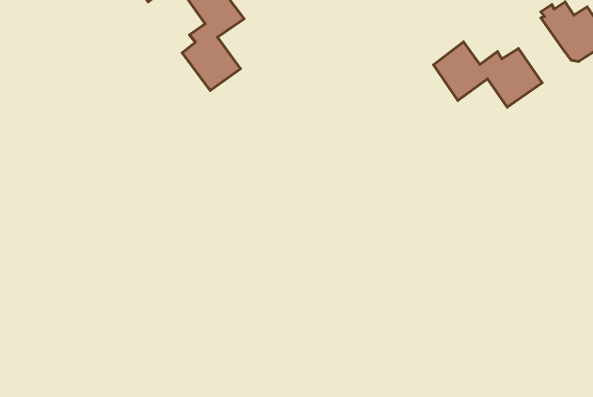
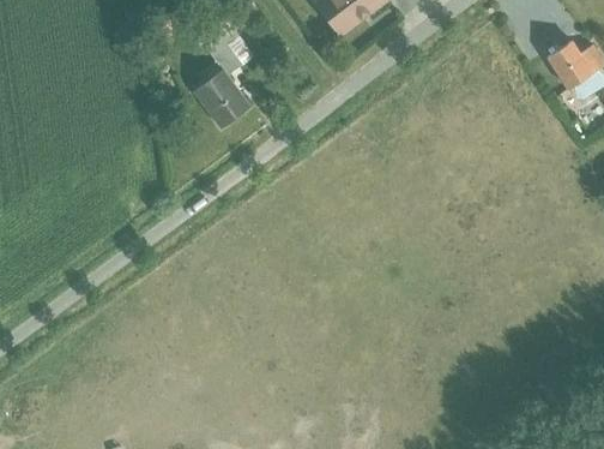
building: [434,42,542,107] -> none

